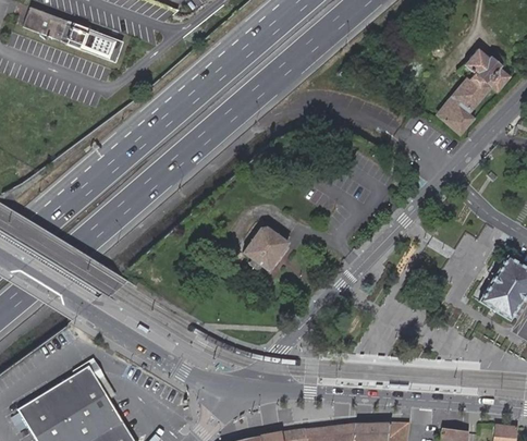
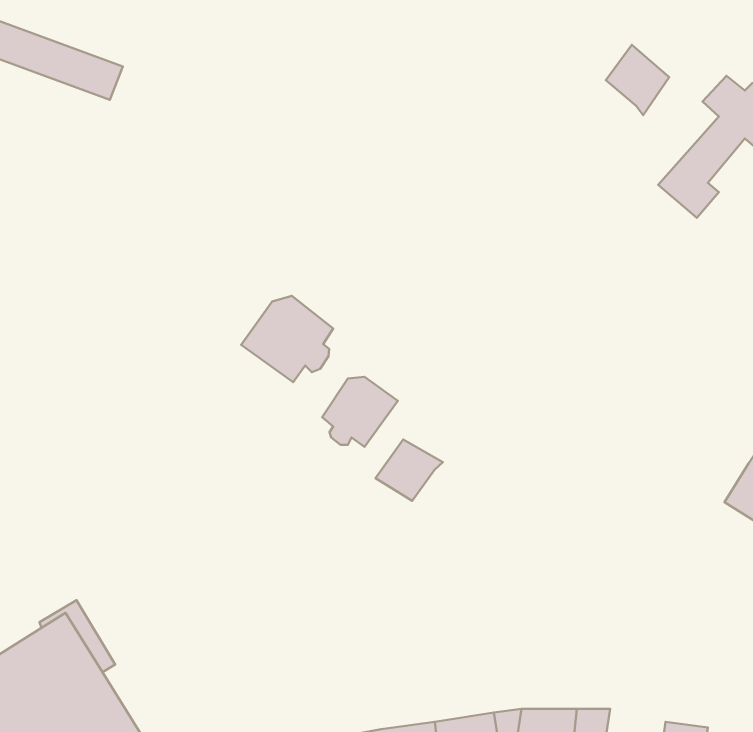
building: none -> [606,45,669,115]
building: none -> [241,296,333,382]
building: none -> [375,440,443,501]

